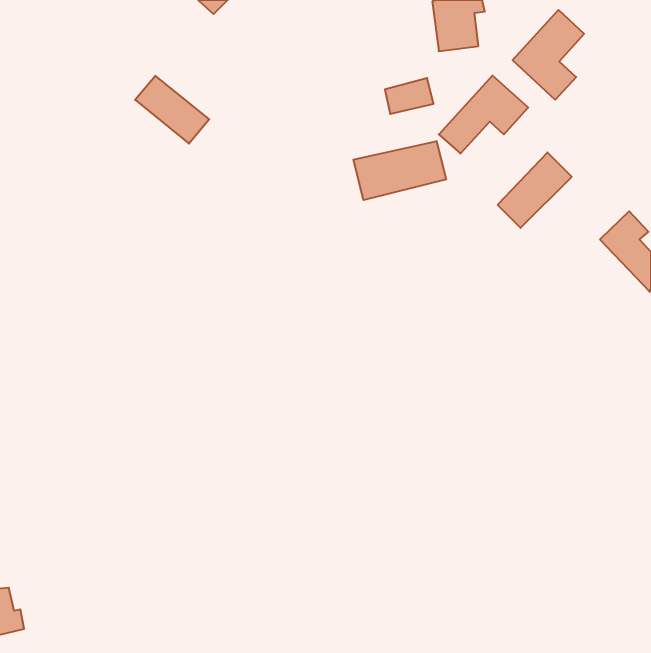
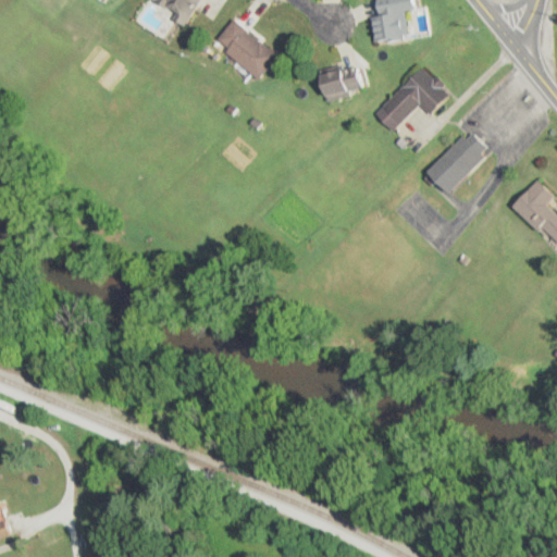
building: [513,10,584,100] -> none
building: [135,76,209,144] -> [222,21,285,78]
building: [353,141,446,200] -> none

